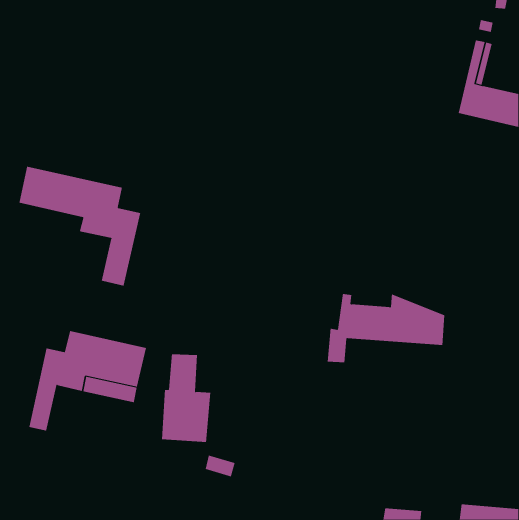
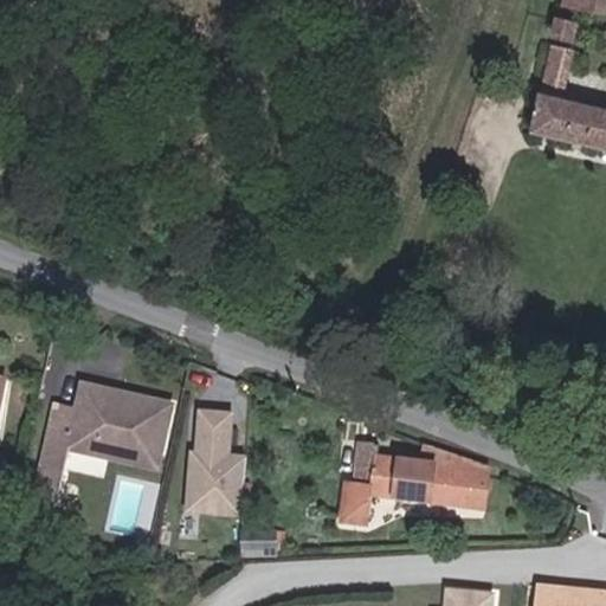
building: [19,166,141,286] -> none
building: [327,294,445,363] -> [342,441,479,522]

